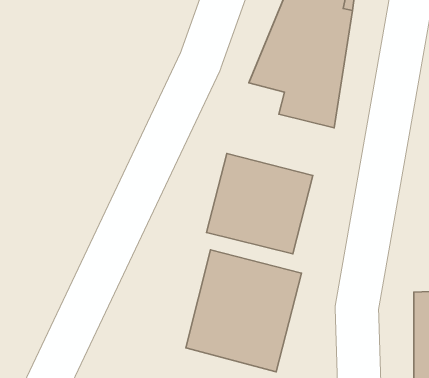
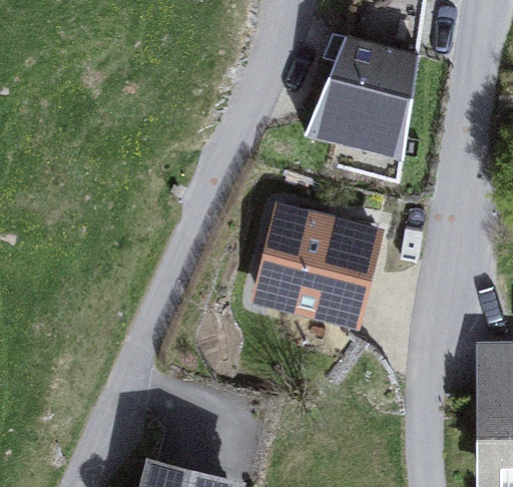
building: [186,250,301,372] -> none

